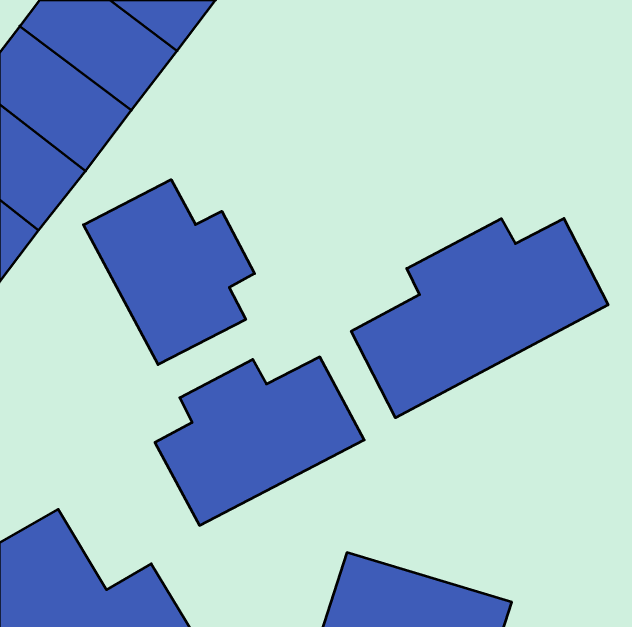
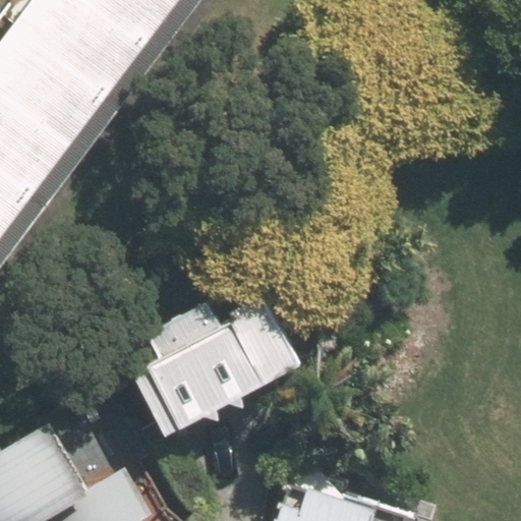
building: [83,180,255,365] -> none
building: [351,218,608,418] -> none

